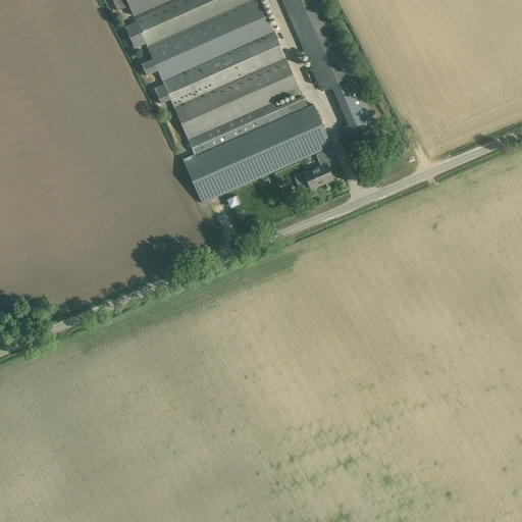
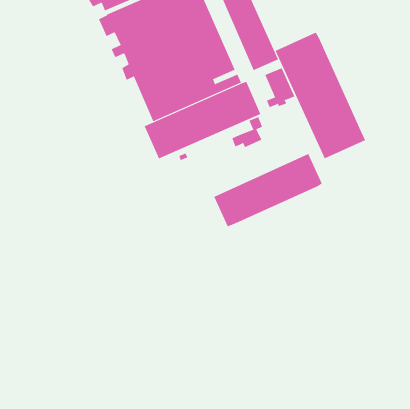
building: none -> [275,32,366,159]
building: none -> [213,153,322,227]

